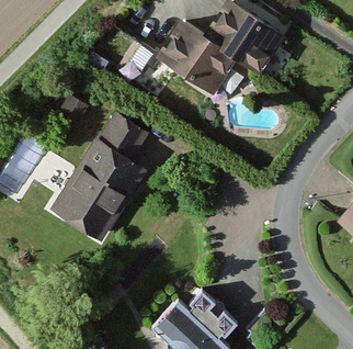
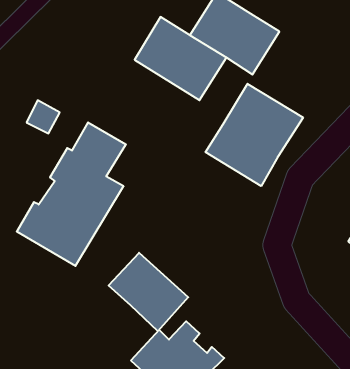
building: none -> [206,84,303,186]
building: none -> [109,253,188,331]

